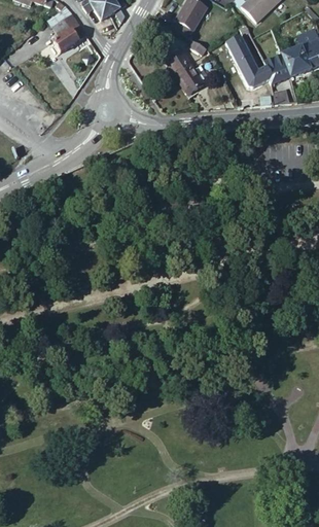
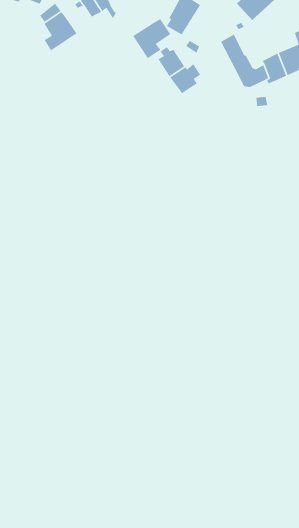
building: none -> [132,18,171,59]

